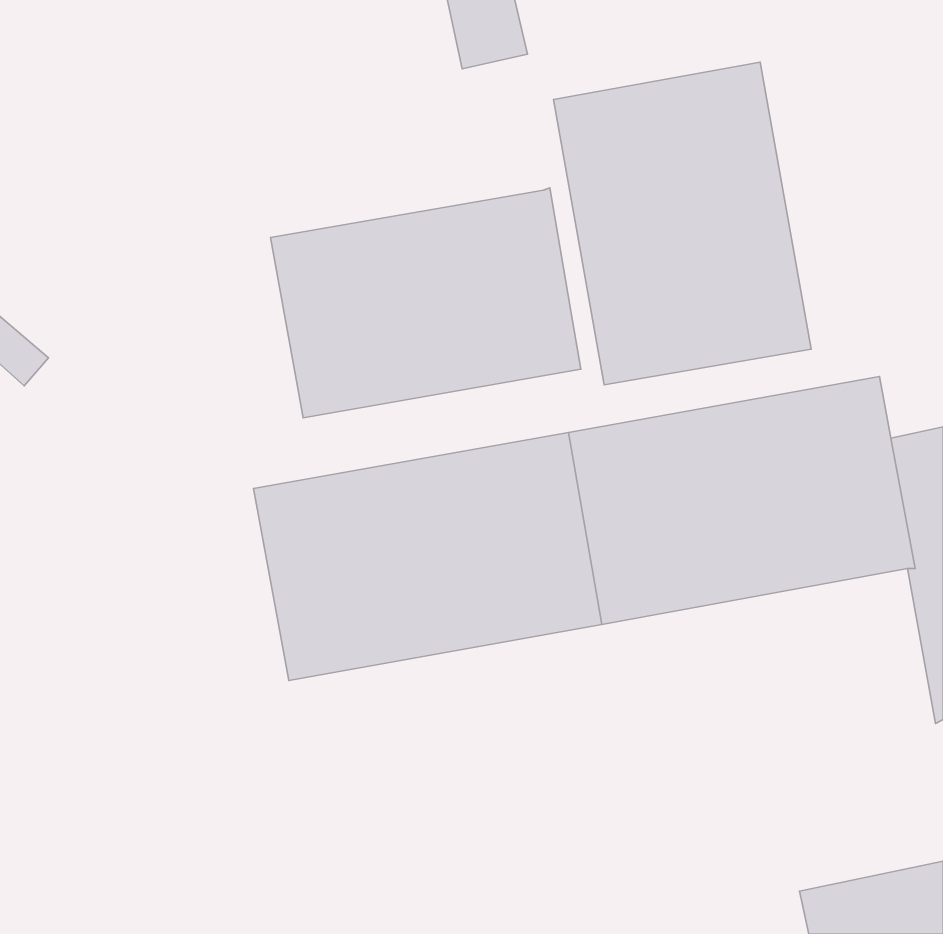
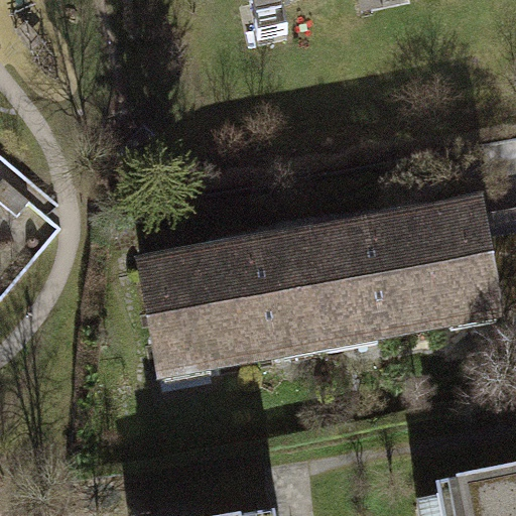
building: [554,62,811,385] -> none
building: [271,188,581,418] -> none

